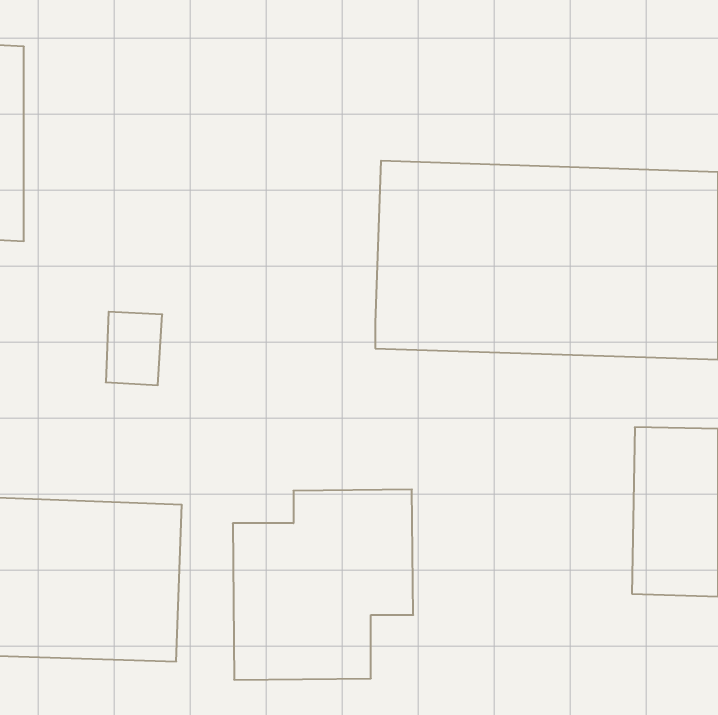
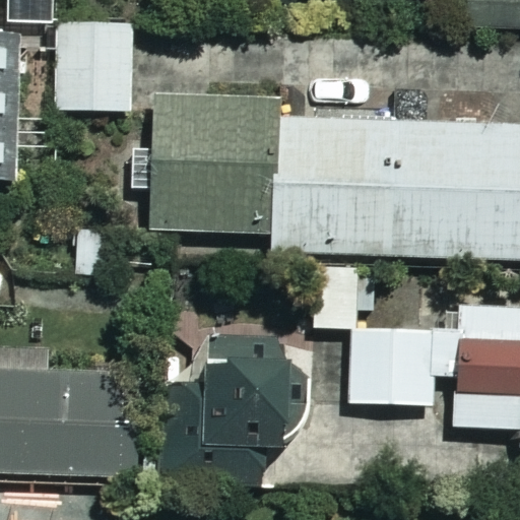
building: none -> [58,22,133,110]
building: none -> [151,99,275,233]
building: none -> [350,329,454,404]

